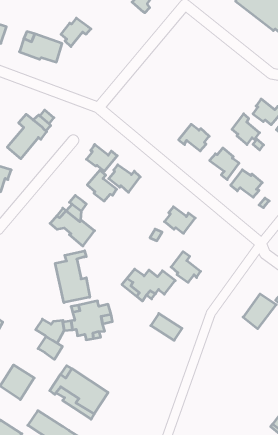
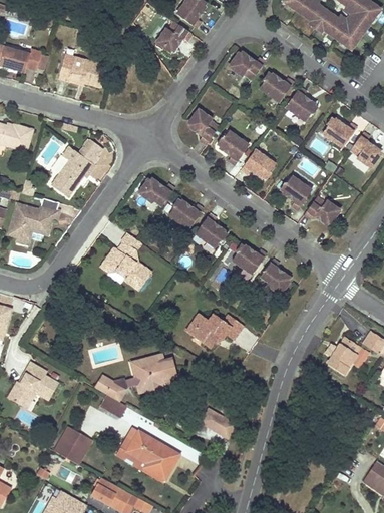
building: [61,18,91,47] -> [158,23,191,55]
building: none -> [229,51,262,80]
building: none -> [258,71,291,100]
building: none -> [186,108,219,142]
building: none -> [215,127,247,161]
building: [232,114,260,145] -> [286,86,317,120]
building: [87,170,117,201] -> [195,213,228,247]
building: [55,251,90,303] -> none
building: [171,252,201,282] -> [258,256,291,291]
building: [151,313,182,340] -> [203,406,238,435]

